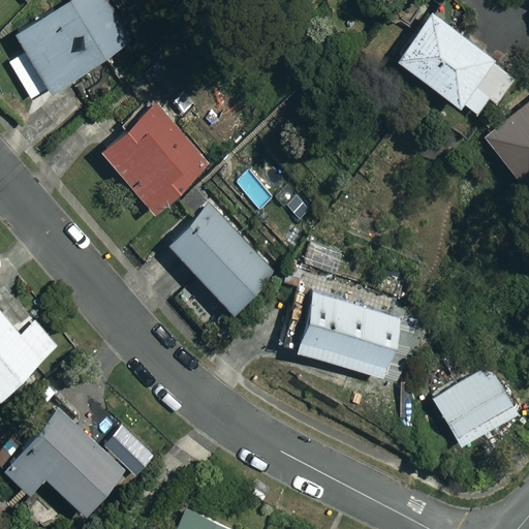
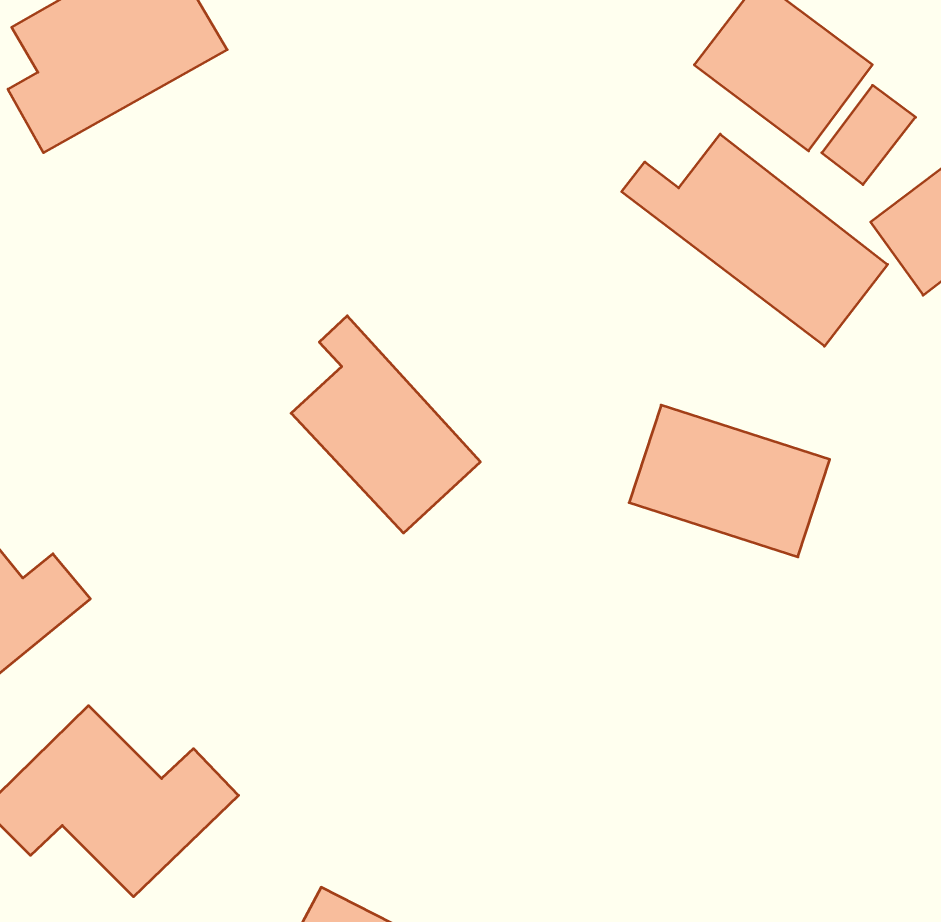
building: none -> [622,134,888,346]
building: [101,105,209,214] -> none
building: [292,294,403,378] -> [629,405,830,557]
building: [433,368,516,446] -> none

